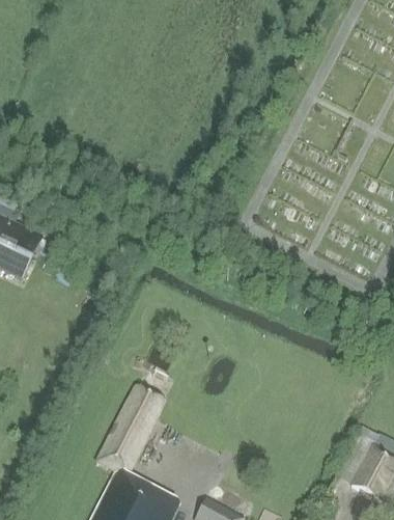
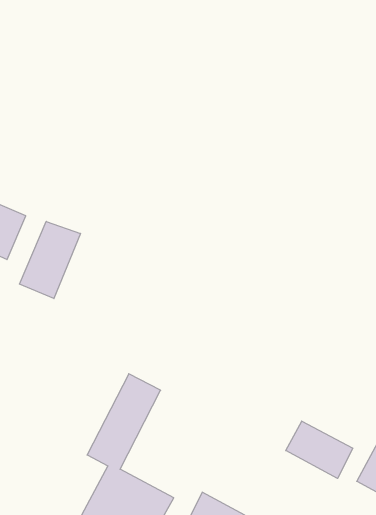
building: none -> [20,221,80,299]
building: none -> [286,421,353,478]

